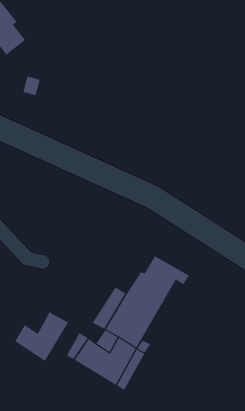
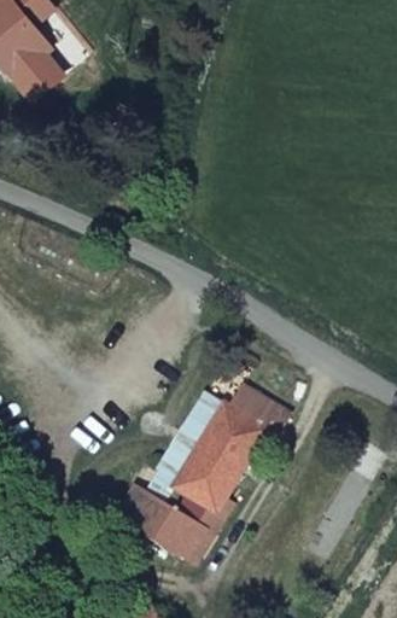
building: [15,311,69,362] -> none

